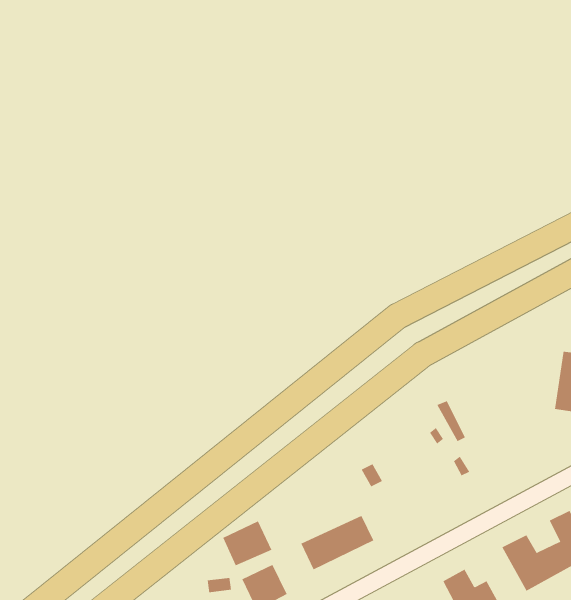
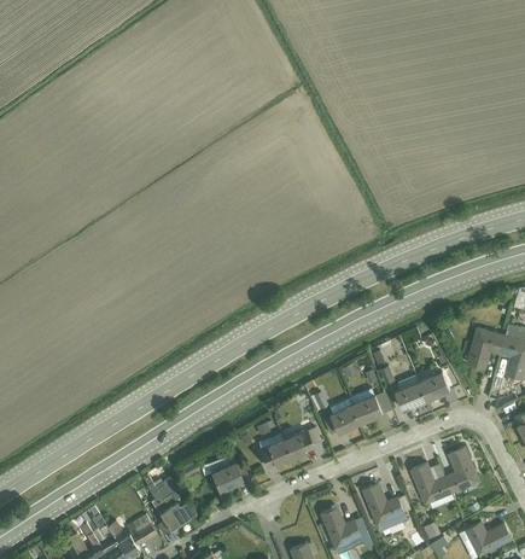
building: none -> [395,369,453,412]
building: none -> [328,391,385,435]
building: [223,520,272,566] -> none

